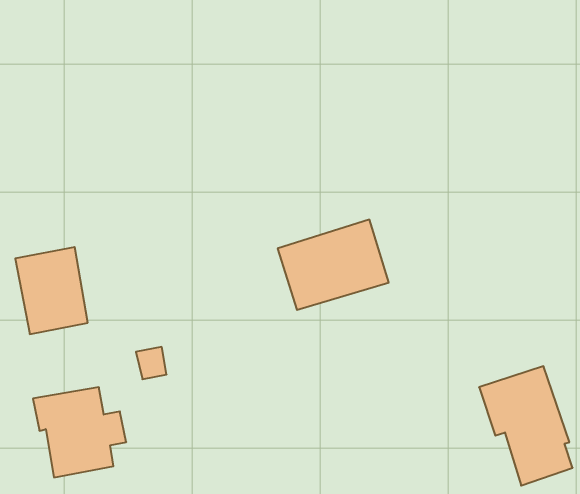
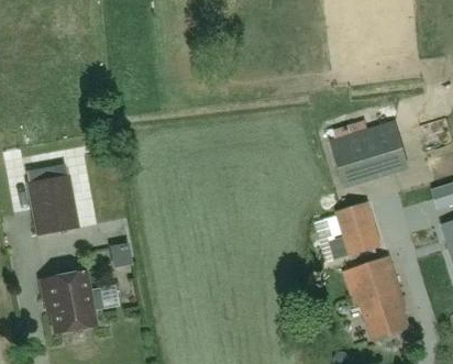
building: [278,220,389,310] -> [331,120,407,181]
building: none -> [335,203,374,254]

